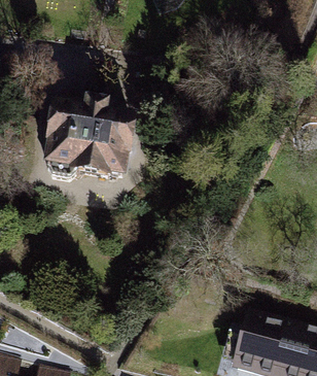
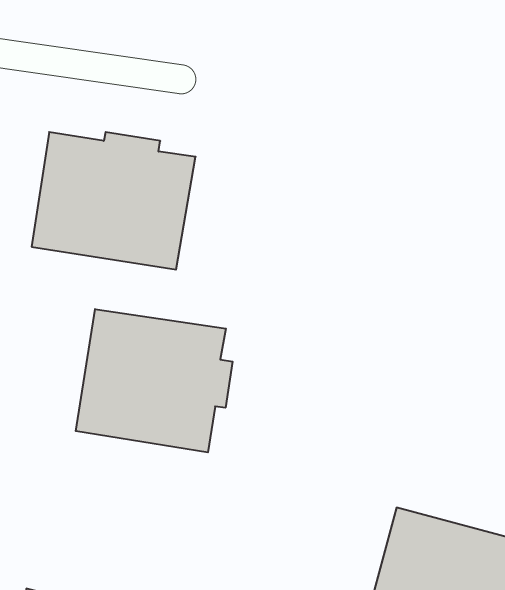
building: none -> [76,309,233,452]

